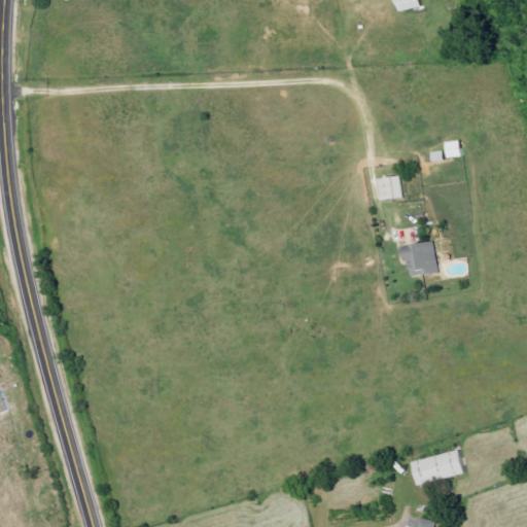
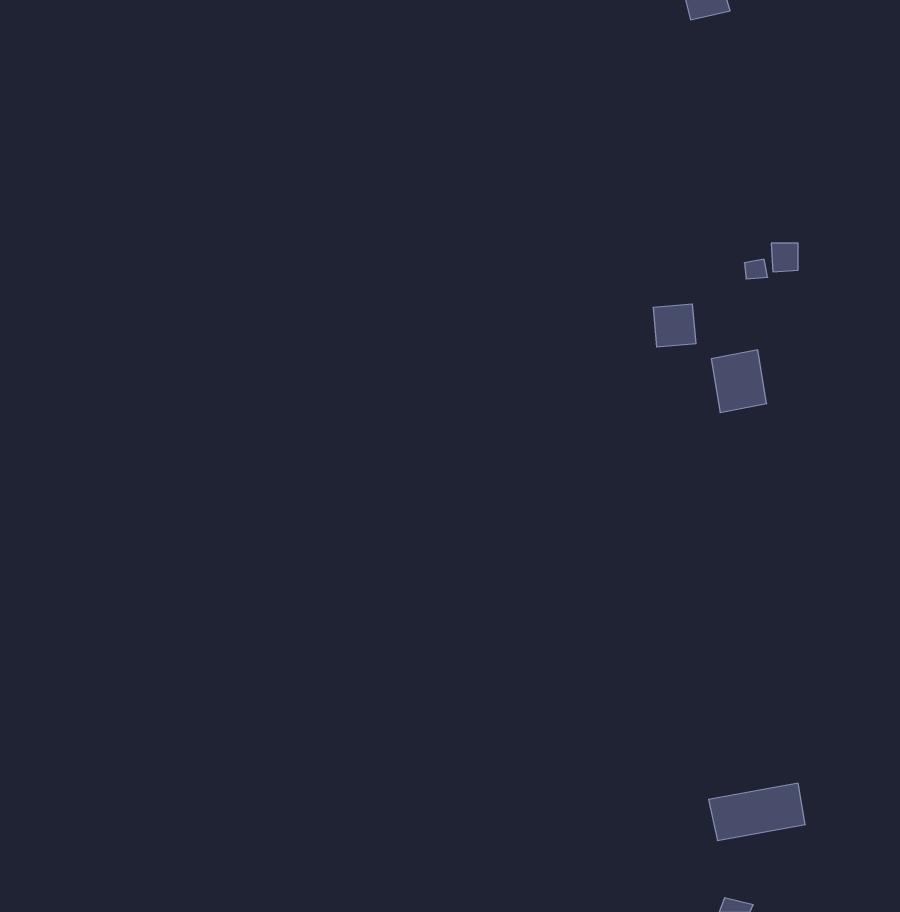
building: [405,241,436,277] -> [711,350,767,413]

